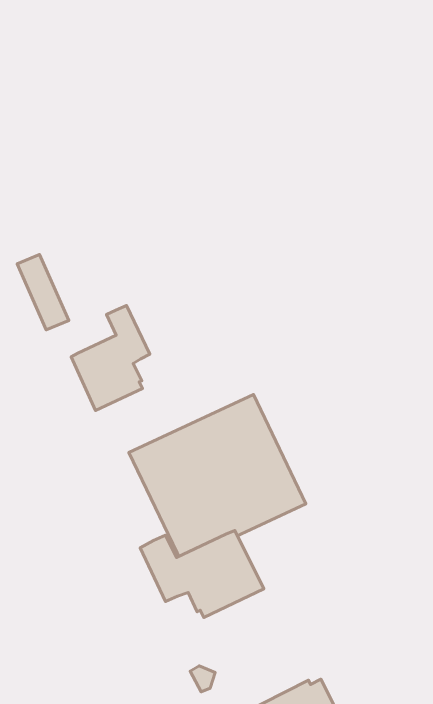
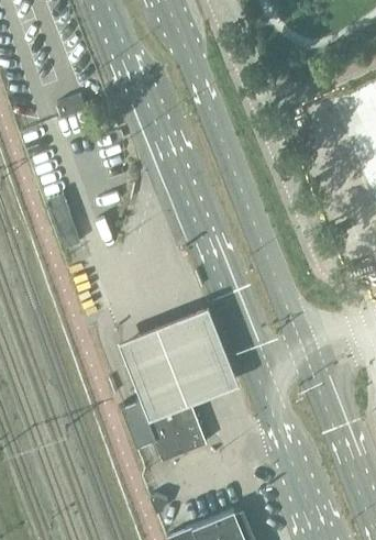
building: [71,305,150,410] -> none

